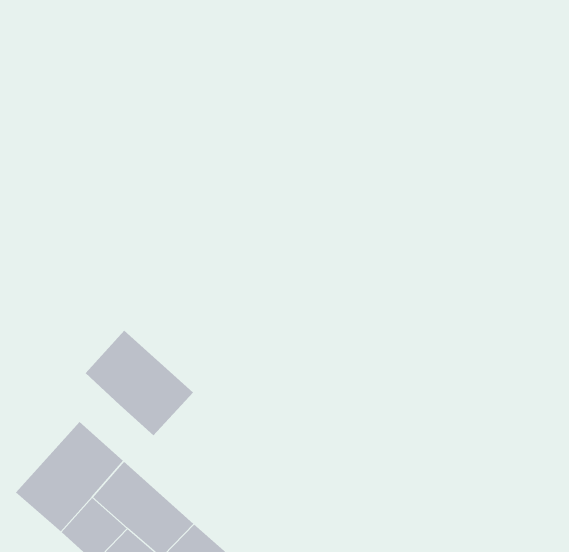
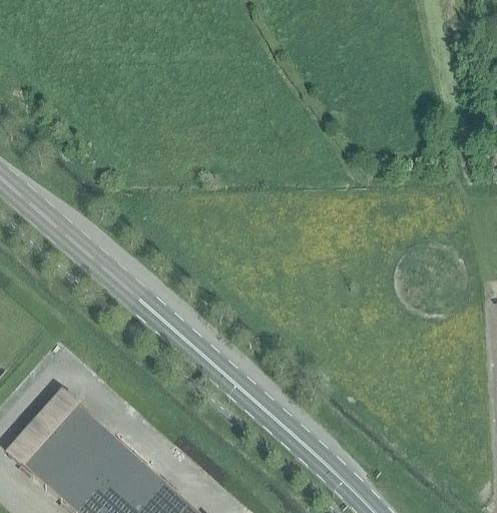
building: [85,330,194,436] -> none

